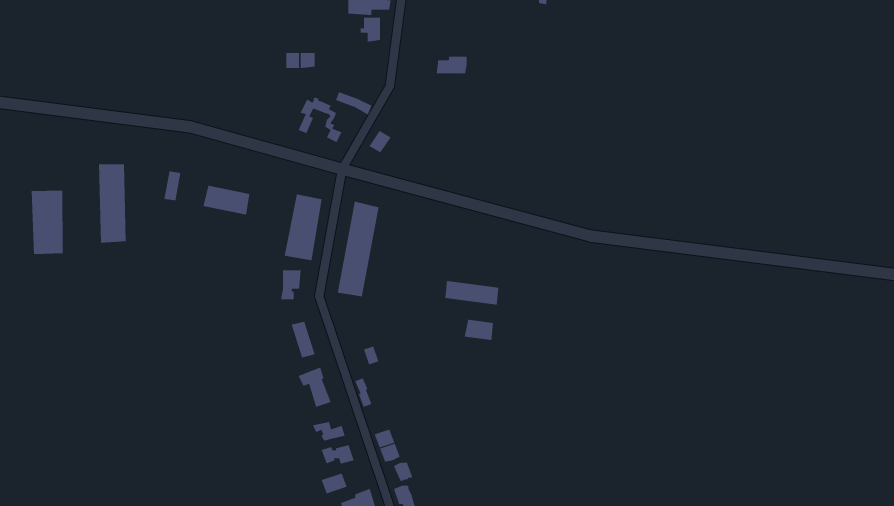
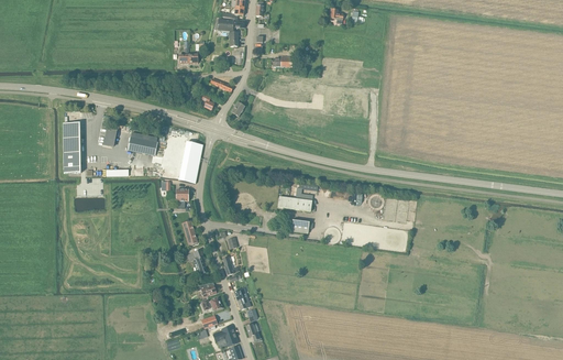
building: [31,190,63,255] -> none
building: [337,201,379,297] -> none

